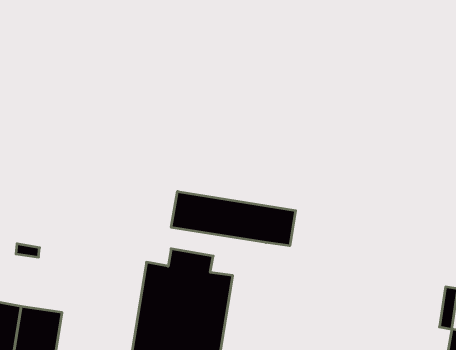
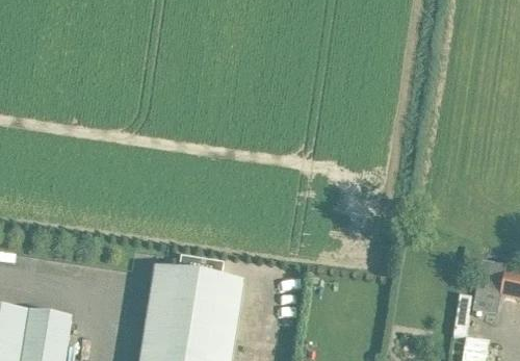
building: [171,191,296,246] -> none

